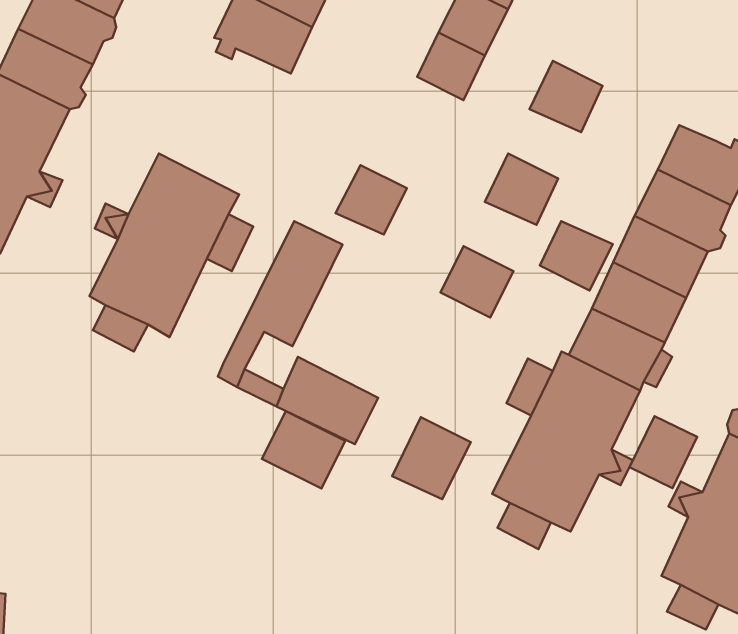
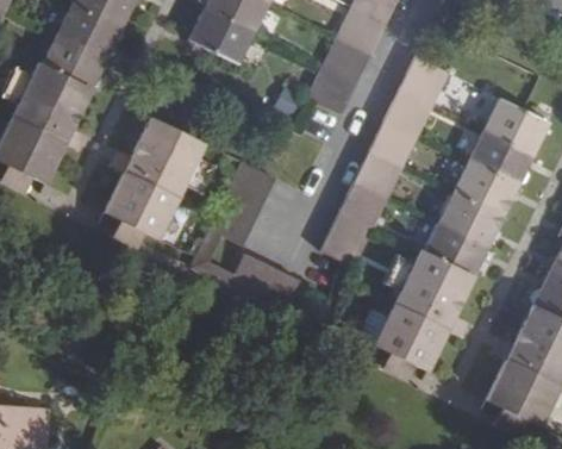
building: none -> [385,87,433,133]
building: [336,165,407,235] -> [307,66,355,112]
building: [540,221,613,291] -> [355,149,404,195]
building: [262,411,345,489] -> none
building: [629,416,697,488] -> none
building: [392,417,471,499] -> [320,210,373,264]

